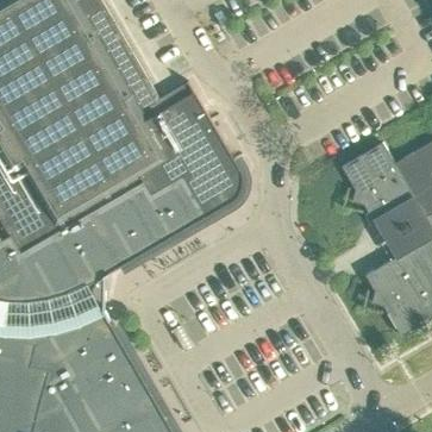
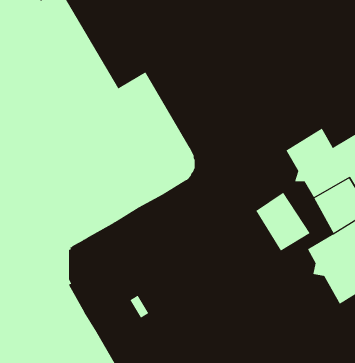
building: none -> [256,192,311,251]

